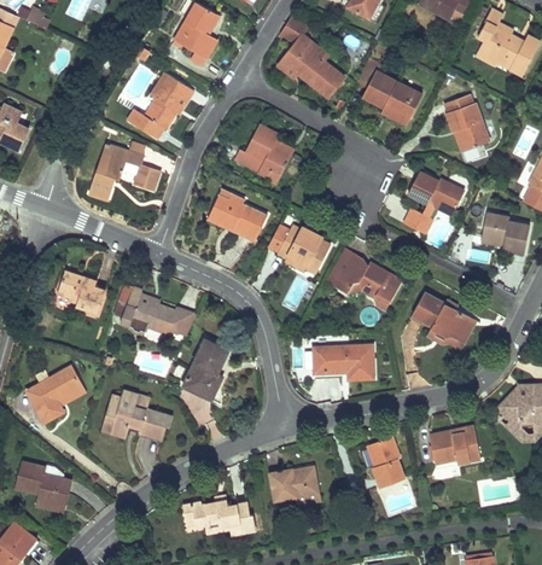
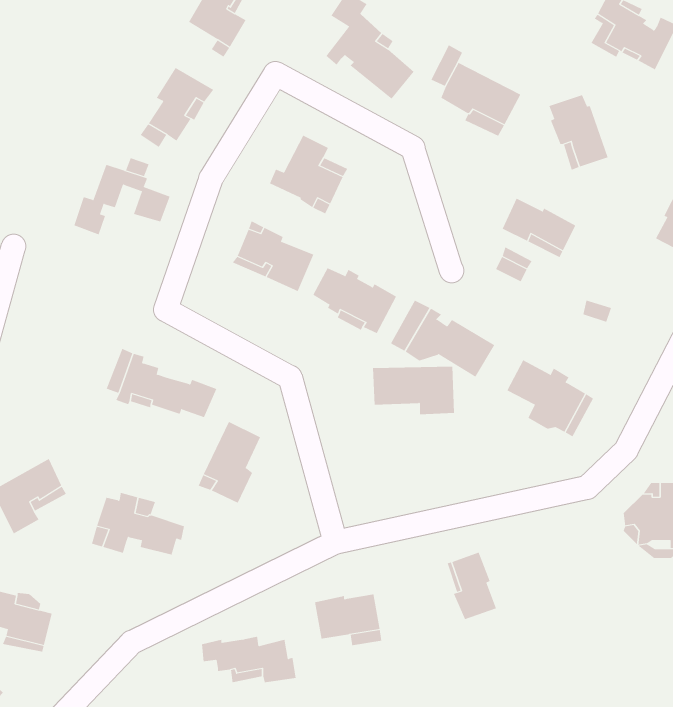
building: [480,214,530,254] -> none
building: [57,269,105,314] -> none
building: [311,345,373,381] -> [372,366,455,415]
building: [430,430,480,467] -> none

